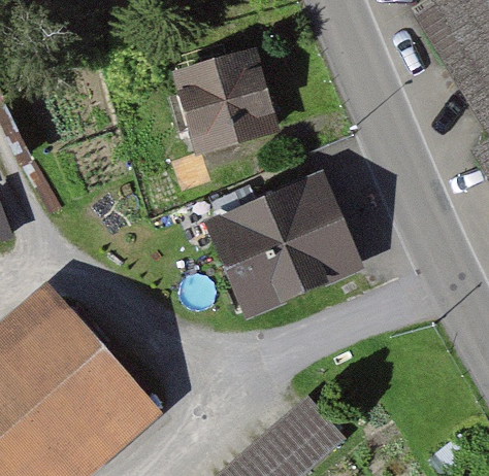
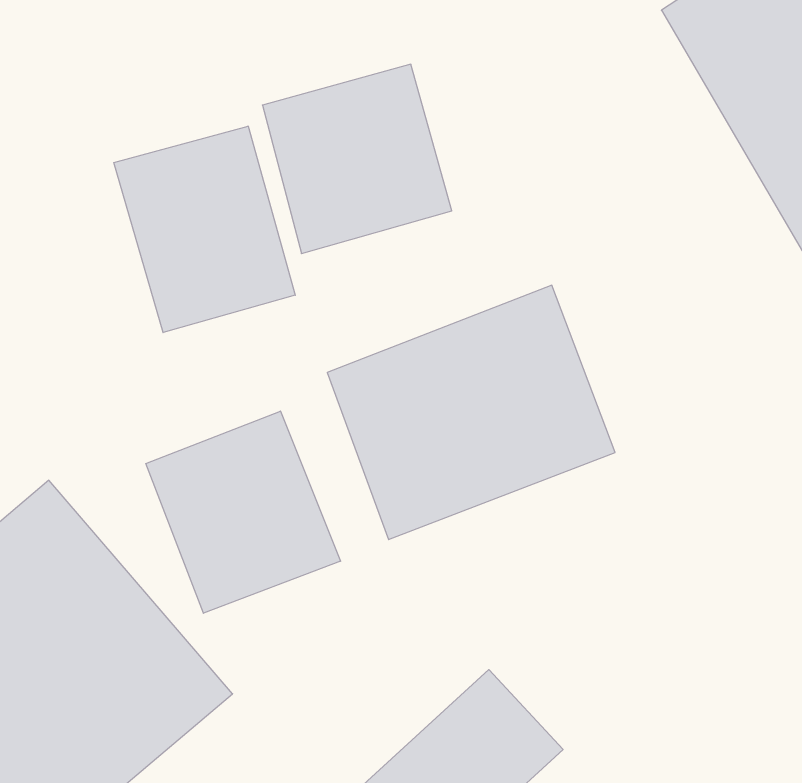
building: none -> [114,126,295,333]
building: none -> [146,411,341,613]

